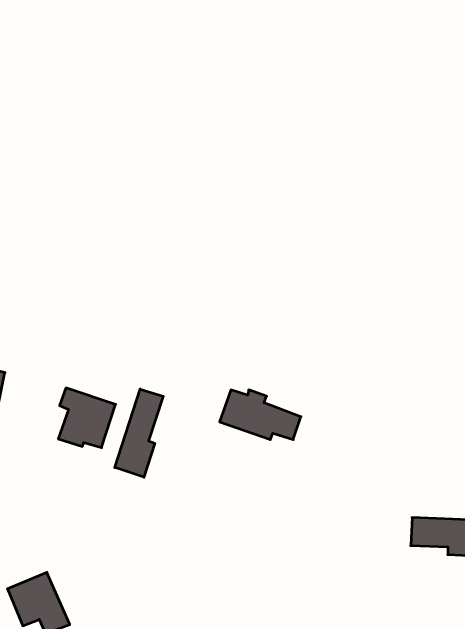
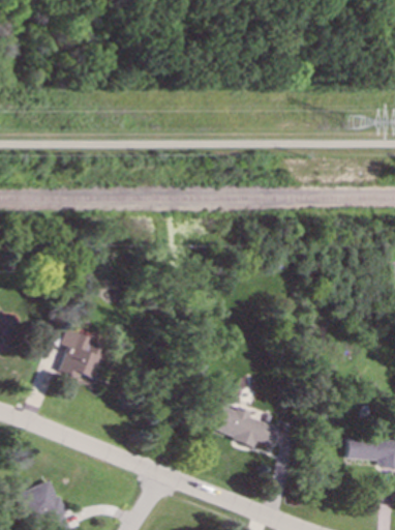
building: [115,389,163,477] -> none
building: [220,390,301,440] -> [214,406,280,446]

